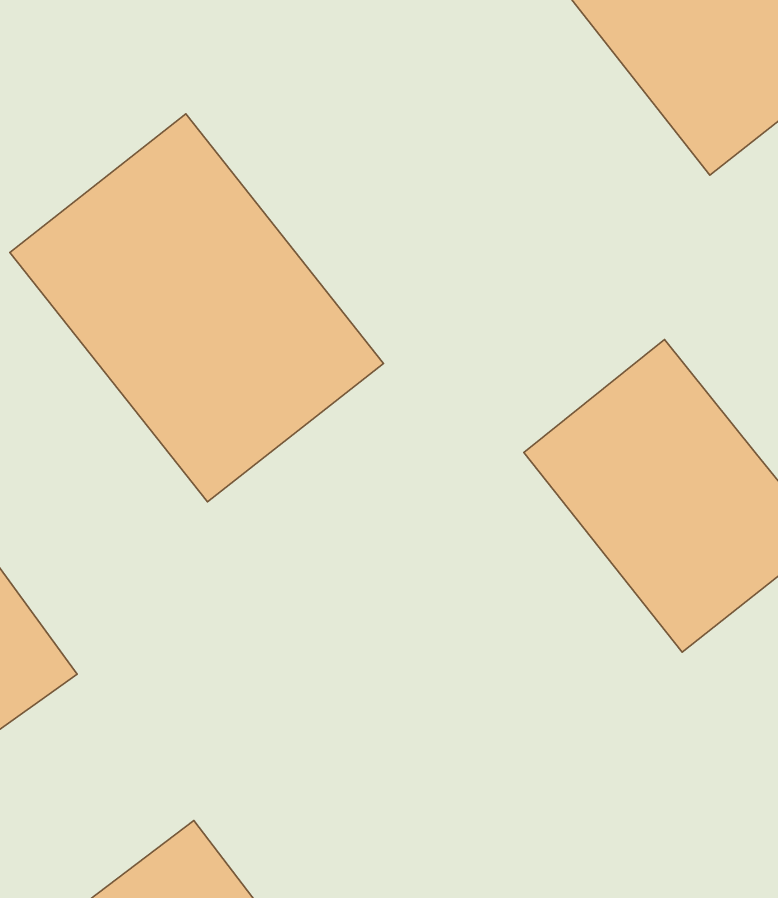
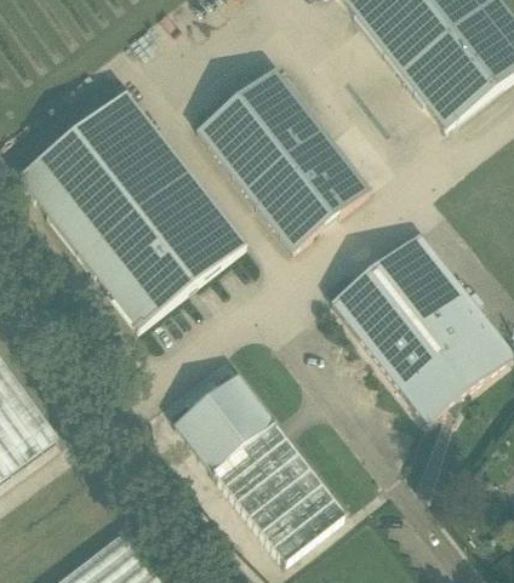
building: none -> [195,69,369,251]
building: none -> [175,375,345,562]

